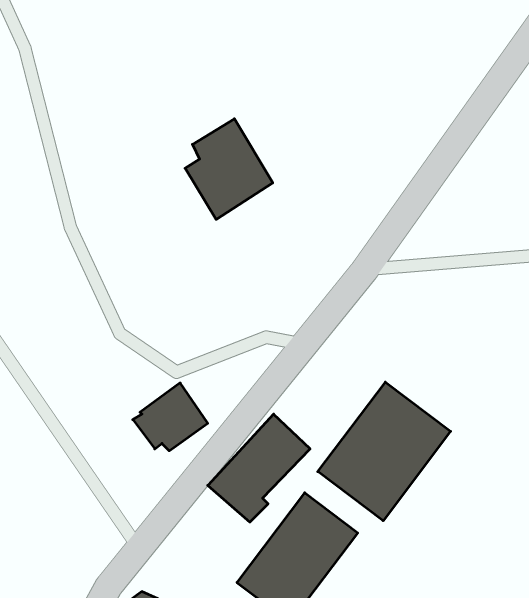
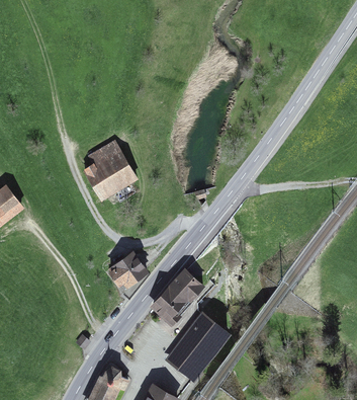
building: [185,119,273,219] -> [85,144,133,199]
building: [318,382,451,521] -> none

